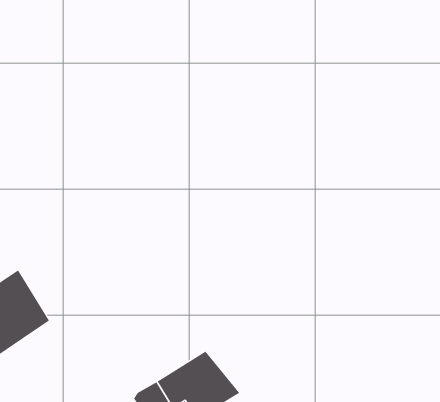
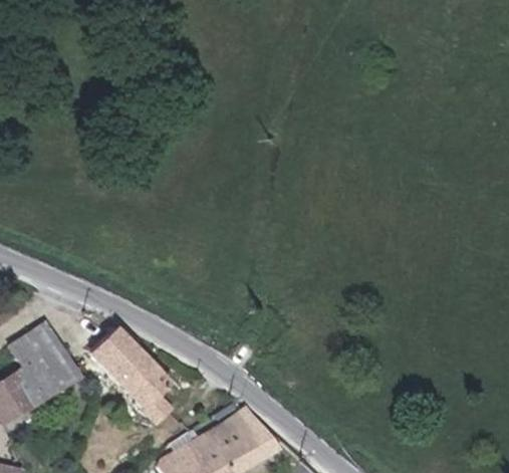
building: none -> [87,327,173,425]

